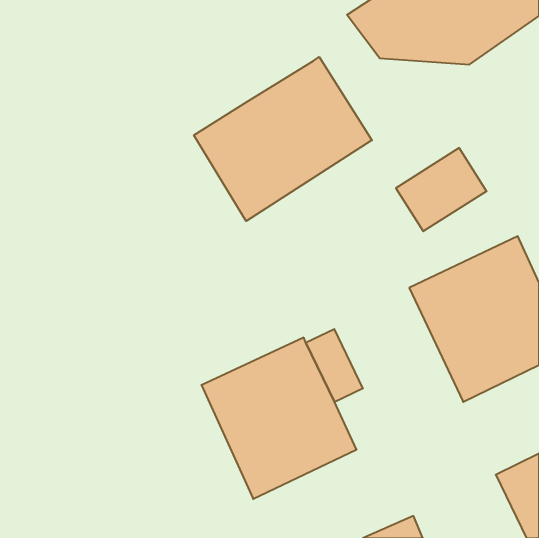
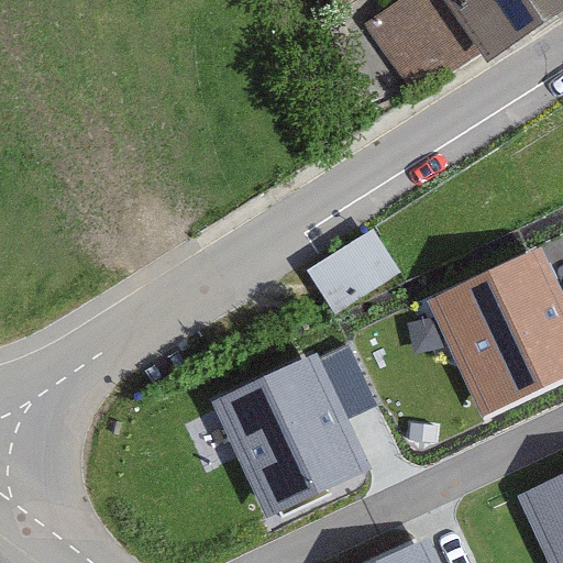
building: [194,57,372,221] -> none
building: [396,148,487,231] -> [308,228,402,314]

